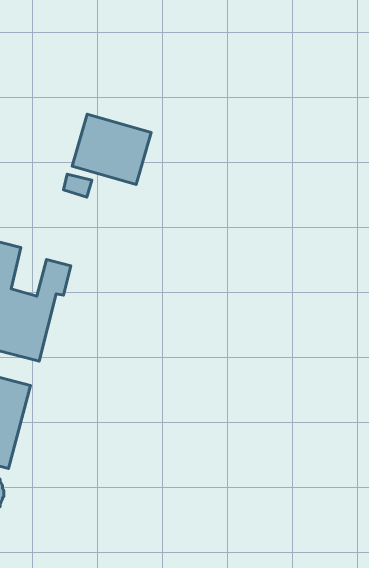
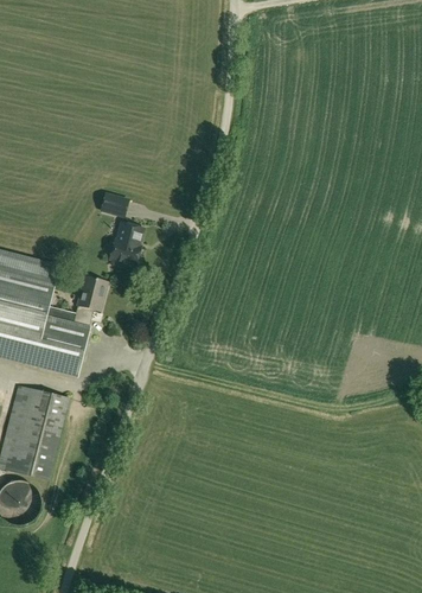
building: [72,114,151,185] -> none
building: none -> [109,222,142,264]

